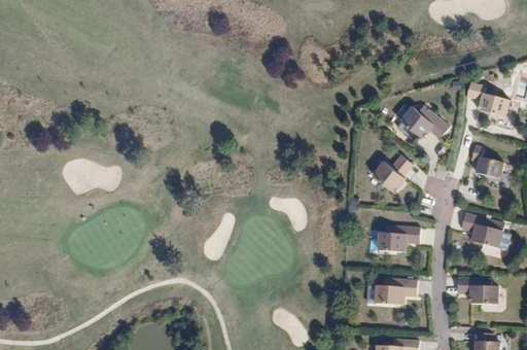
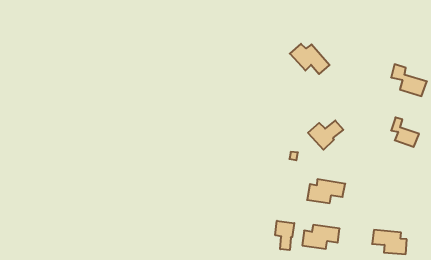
building: [403,104,451,138] -> [290,44,330,74]
building: [461,215,501,251] -> none
building: none -> [275,221,294,250]

